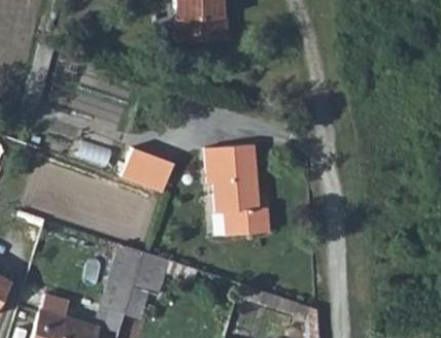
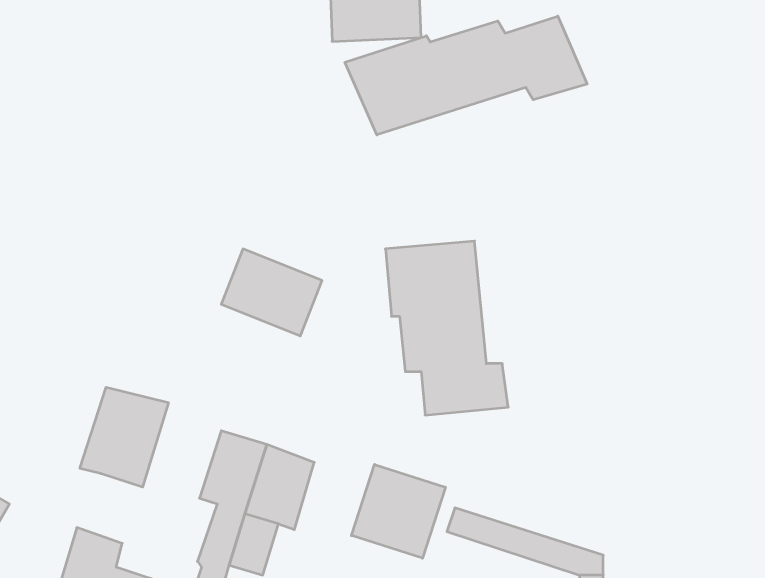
building: none -> [345,16,587,135]
building: none -> [80,387,168,487]
building: none -> [351,464,445,558]

